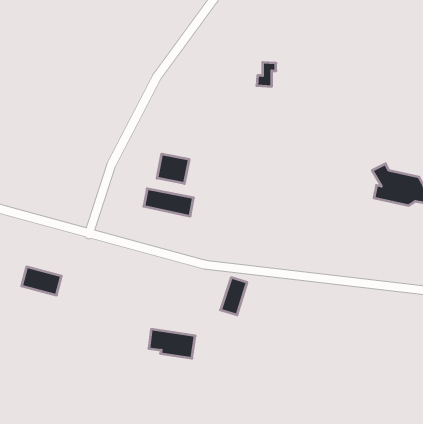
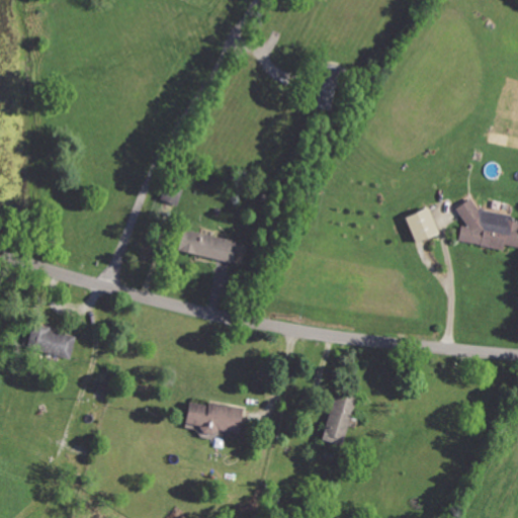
building: [157,154,189,184] -> none
building: none -> [403,207,438,244]
building: [220,278,247,315] -> [323,396,355,441]

